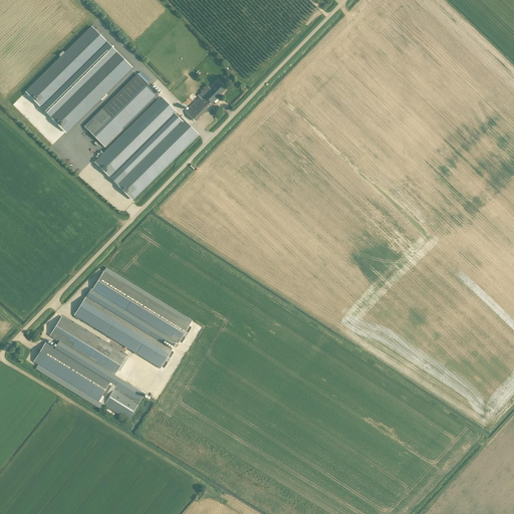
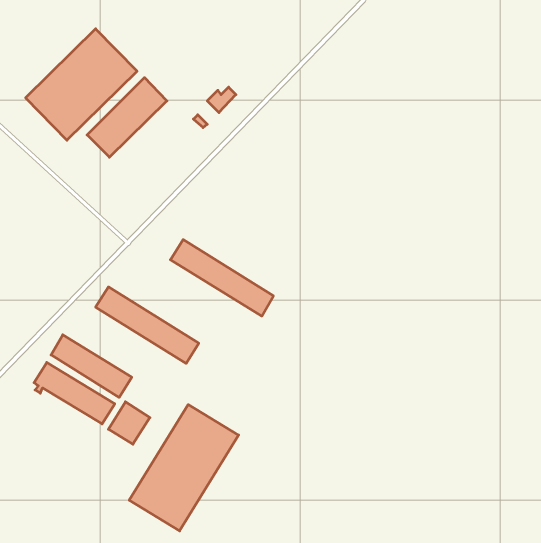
building: [93,97,196,200] -> none
building: [72,296,170,368] -> [170,240,273,316]
building: none -> [129,405,239,531]

